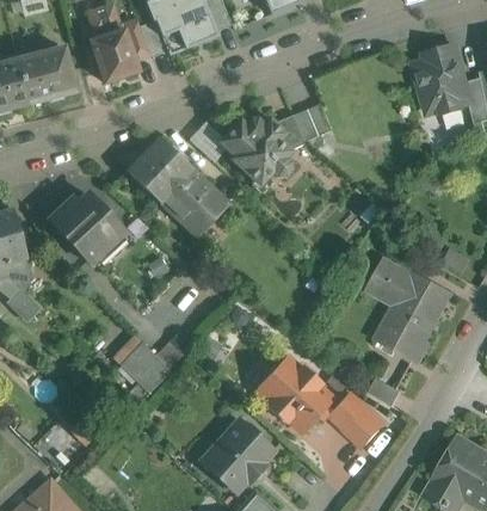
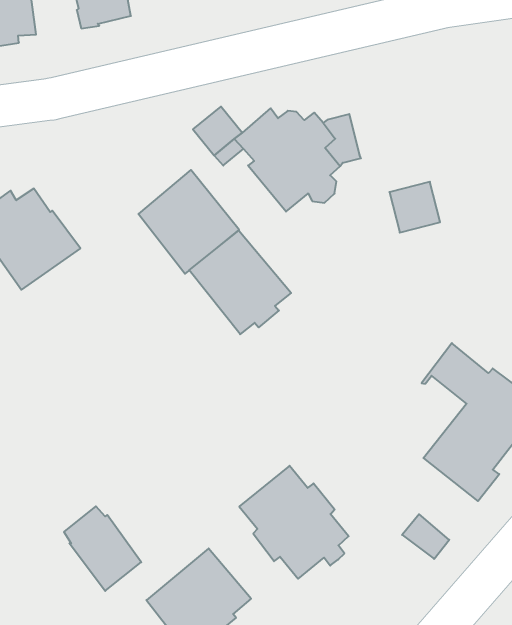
building: [294,104,331,141] -> [389,182,440,233]
building: [129,137,192,202] -> none
building: none -> [189,230,291,334]
building: [116,337,171,393] -> [64,506,141,591]
building: [328,393,384,448] -> none

